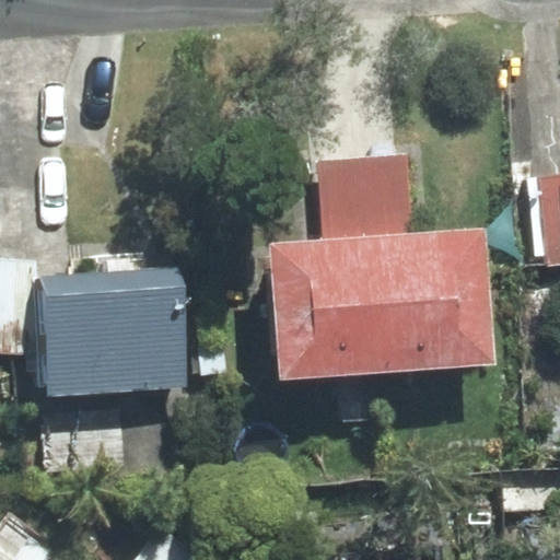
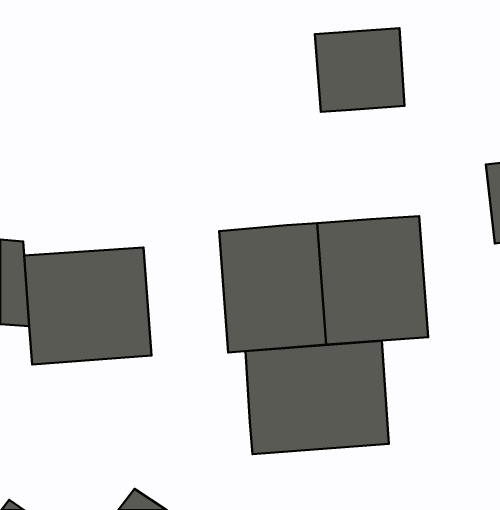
building: [322,153,419,244] -> [315,28,405,112]
building: none -> [246,341,389,454]

